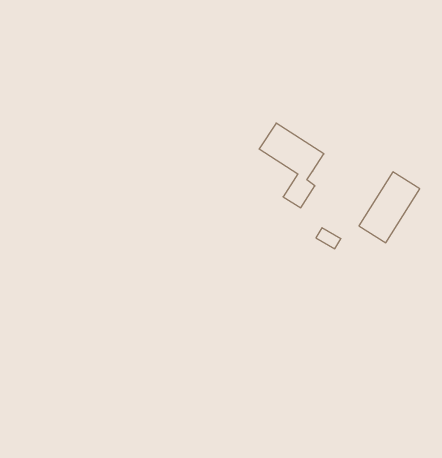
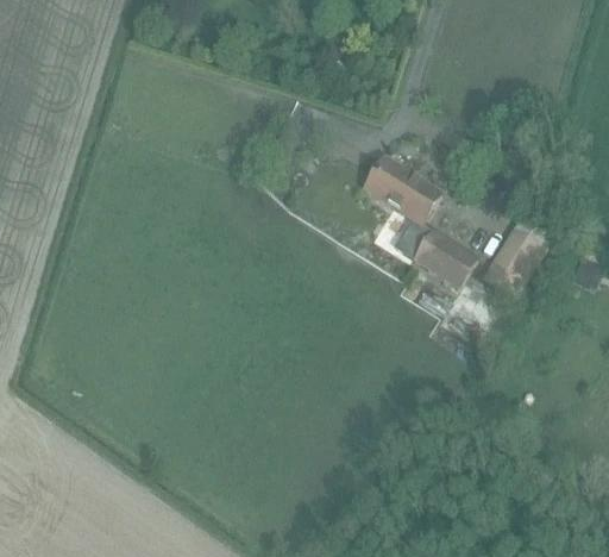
building: none -> [413,227,477,284]

